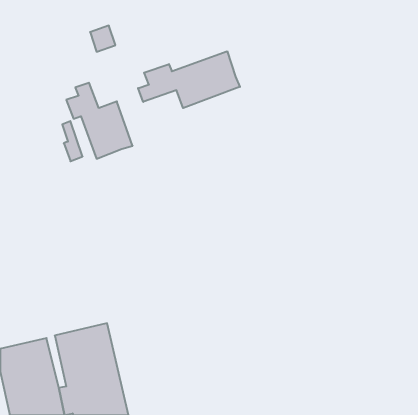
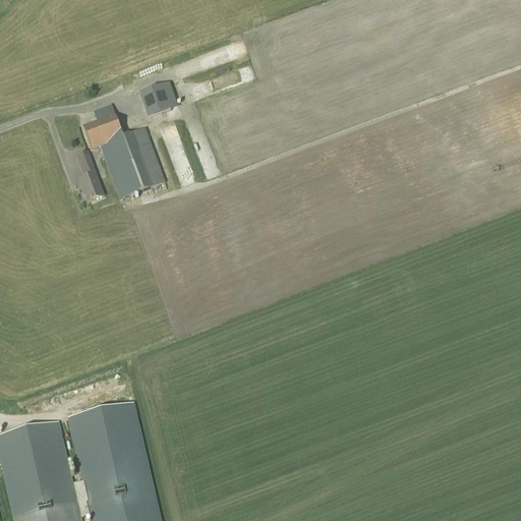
building: [90,26,115,52] -> [140,83,172,116]
building: [138,51,240,108] -> none

